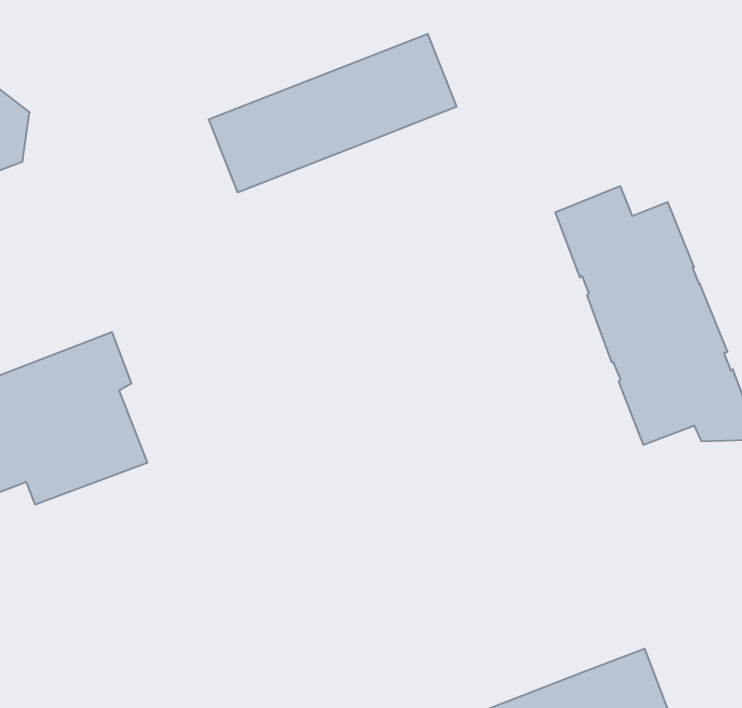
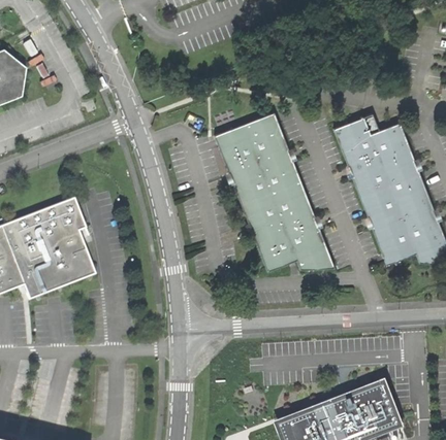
building: [209,34,456,192] -> none
building: none -> [214,111,336,271]

